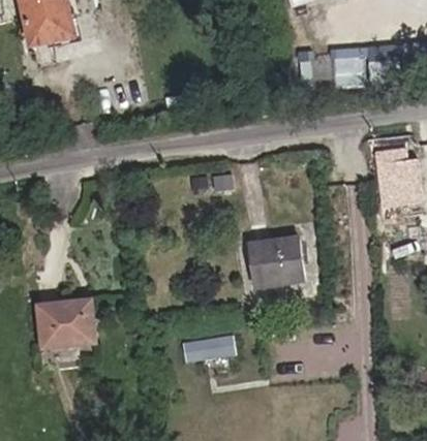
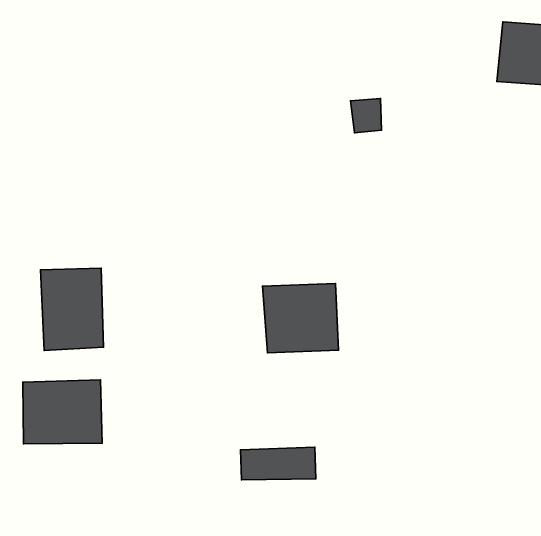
building: none -> [40,268,103,350]
building: [252,247,305,295] -> [263,284,339,353]

